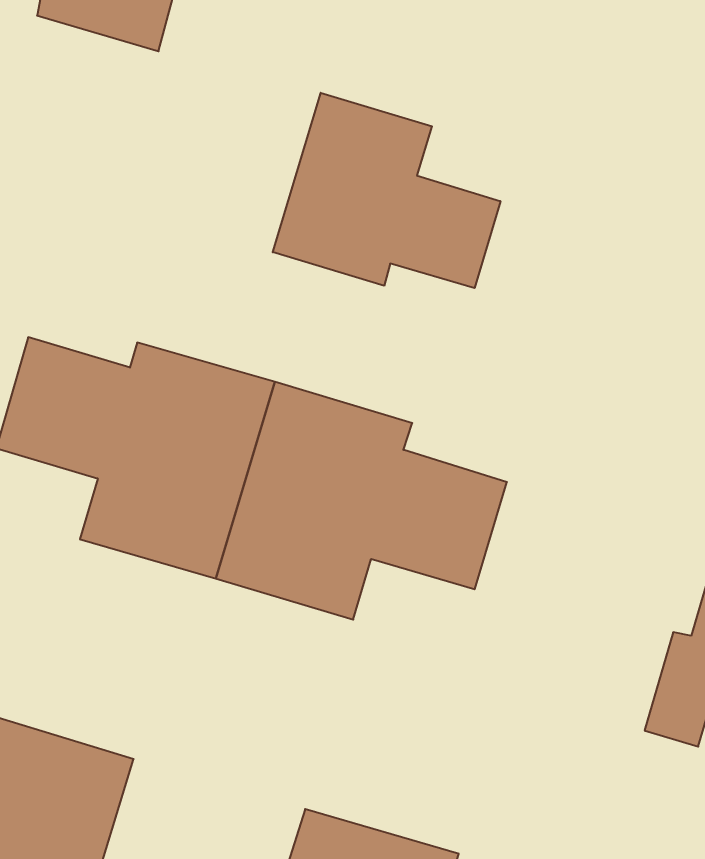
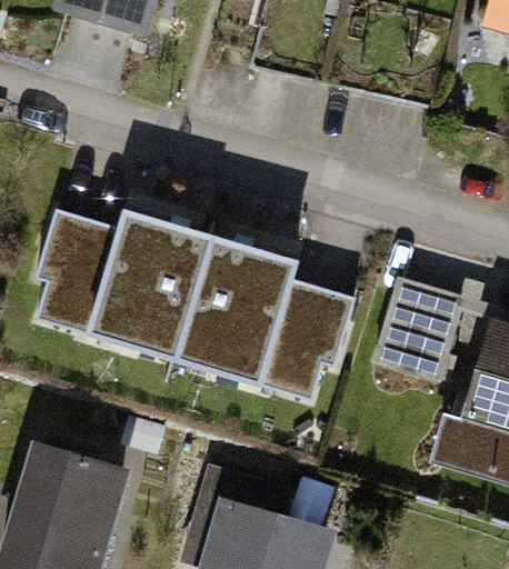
building: [273,93,500,288] -> none
building: none -> [377,292,460,379]

